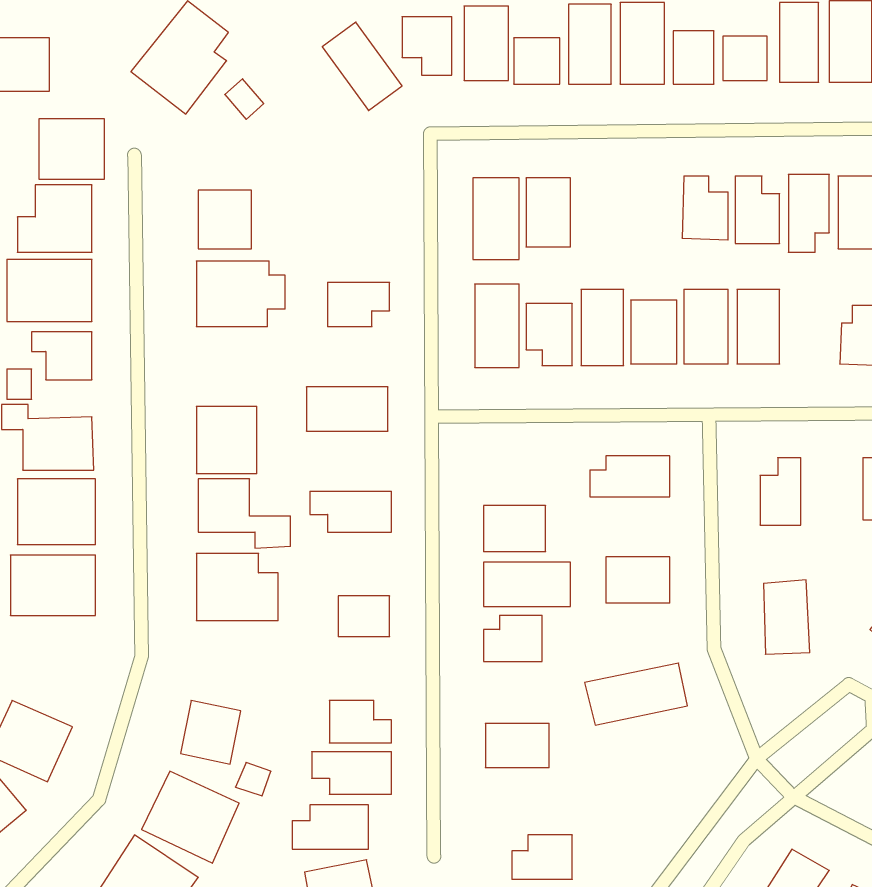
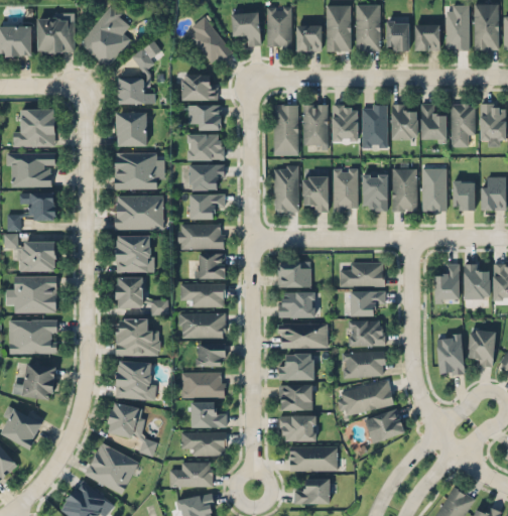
building: [39,119,104,179] -> [37,18,75,52]
building: none -> [181,75,215,100]
building: none -> [118,78,154,104]
building: none -> [187,105,221,129]
building: none -> [332,105,358,142]
building: none -> [362,105,388,148]
building: none -> [187,134,224,160]
building: none -> [453,180,475,210]
building: none -> [189,195,225,219]
building: none -> [115,196,164,230]
building: none -> [198,253,225,278]
building: none -> [278,261,310,287]
building: none -> [464,264,489,299]
building: none -> [350,291,384,315]
building: none -> [178,312,226,339]
building: none -> [469,330,495,367]
building: none -> [342,351,386,378]
building: none -> [115,361,151,399]
building: none -> [13,363,55,399]
building: none -> [181,372,225,397]
building: none -> [280,384,311,410]
building: none -> [364,408,404,443]
building: none -> [289,446,337,471]

